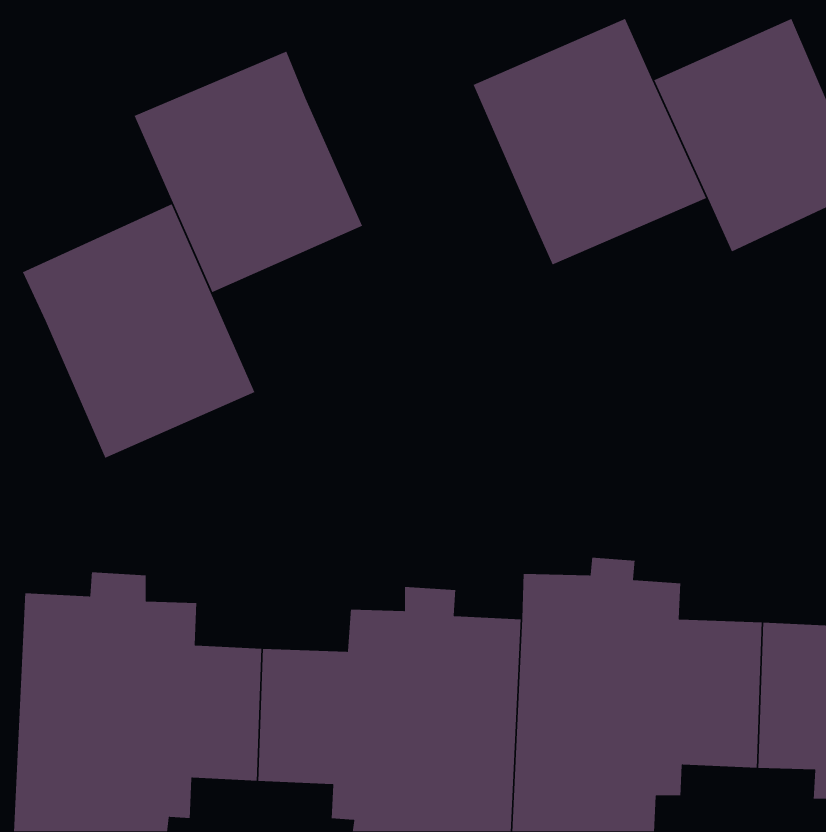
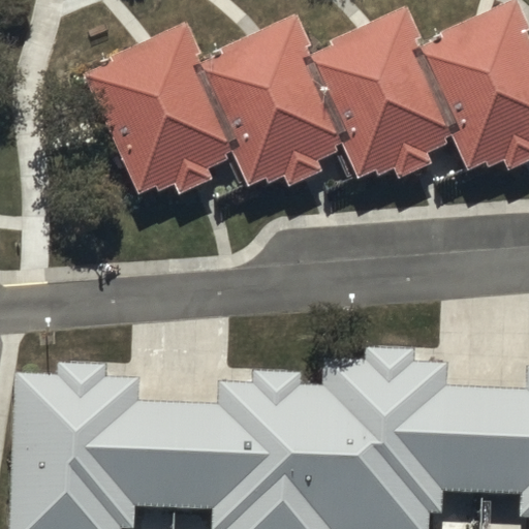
building: none -> [198,23,340,176]
building: [22,203,256,459] -> none

